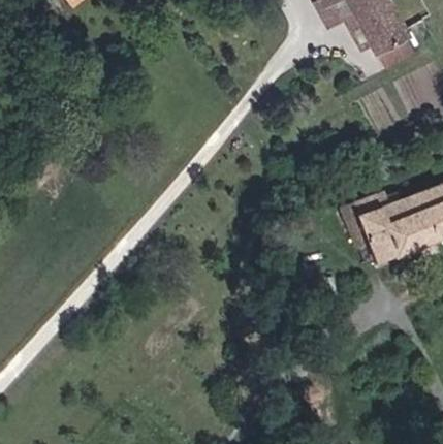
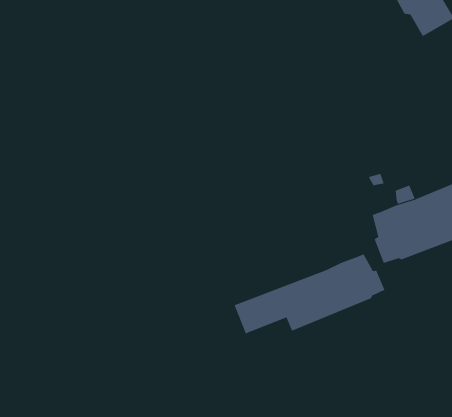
building: none -> [234,254,385,334]

